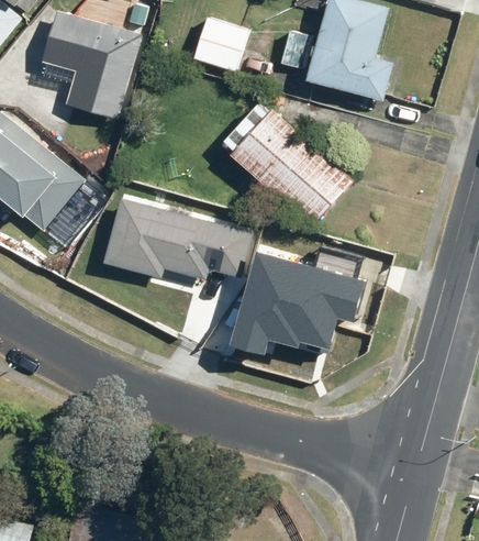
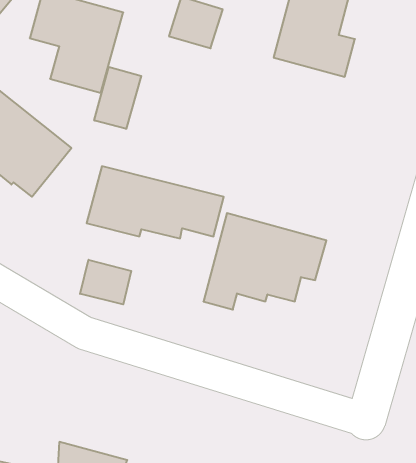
building: none -> [94,67,141,129]
building: [219,100,353,229] -> none
building: none -> [80,260,131,304]

